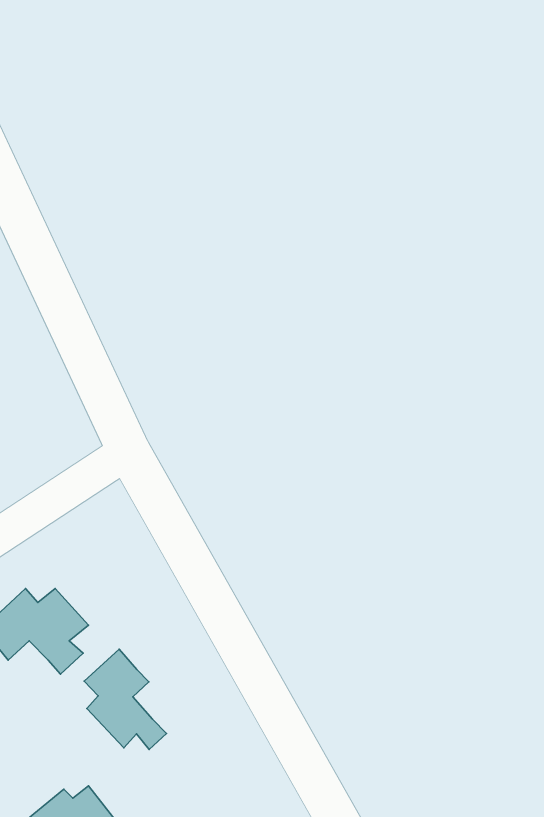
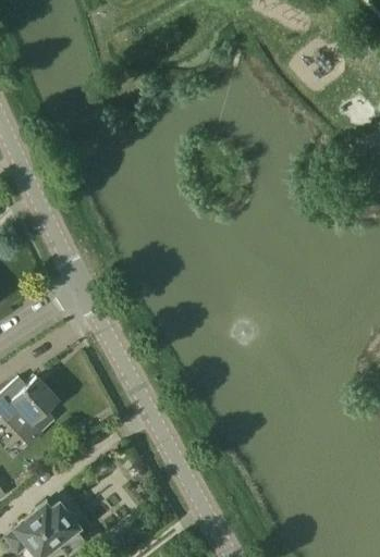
building: [84,649,166,750] -> none

